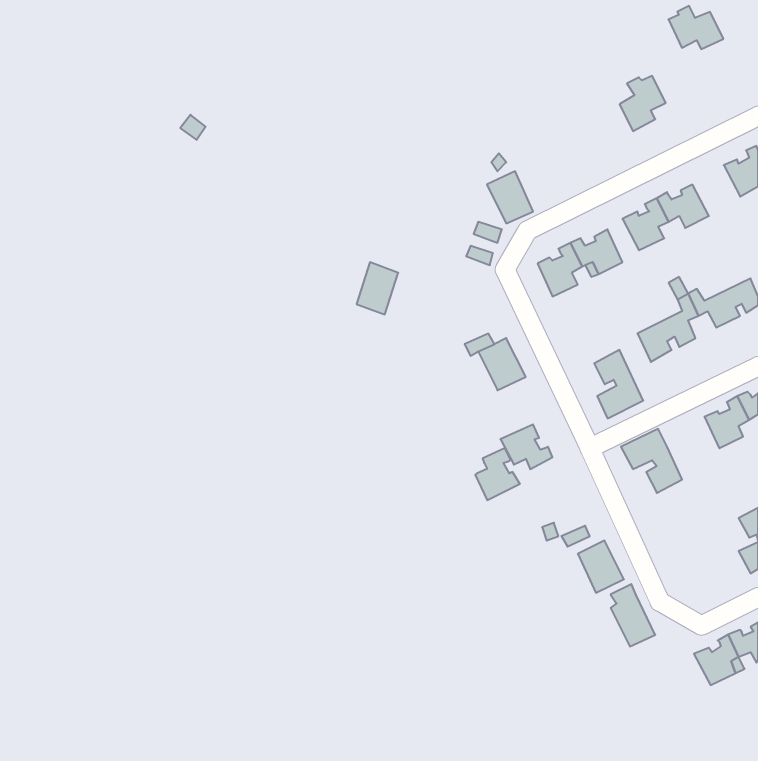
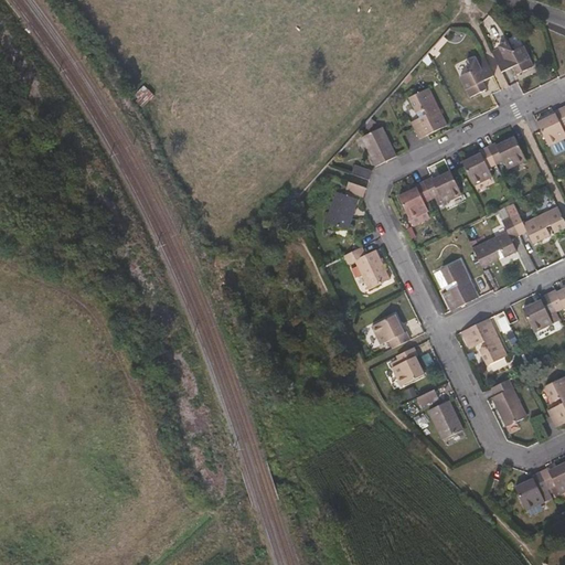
building: [668,6,723,49] -> [491,42,532,74]
building: none -> [408,87,446,139]
building: [357,262,398,314] -> [326,191,356,230]
building: [475,448,520,500] -> [391,347,424,385]
building: [611,584,655,647] -> [493,377,526,424]

